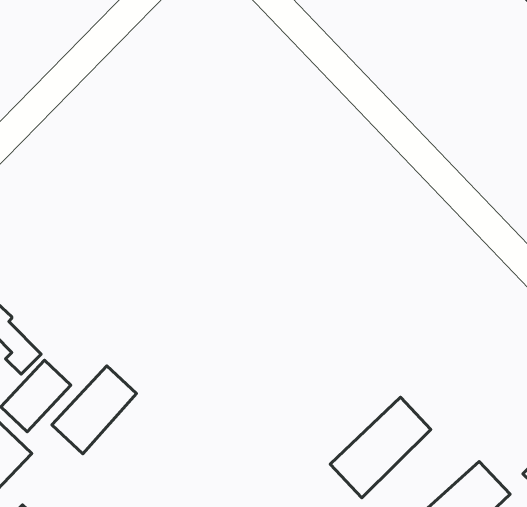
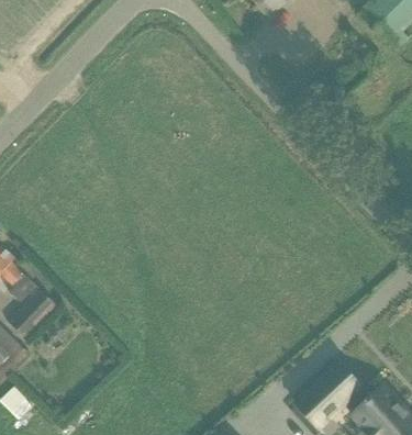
building: [52,366,136,454] -> none
building: [330,397,431,498] -> none

